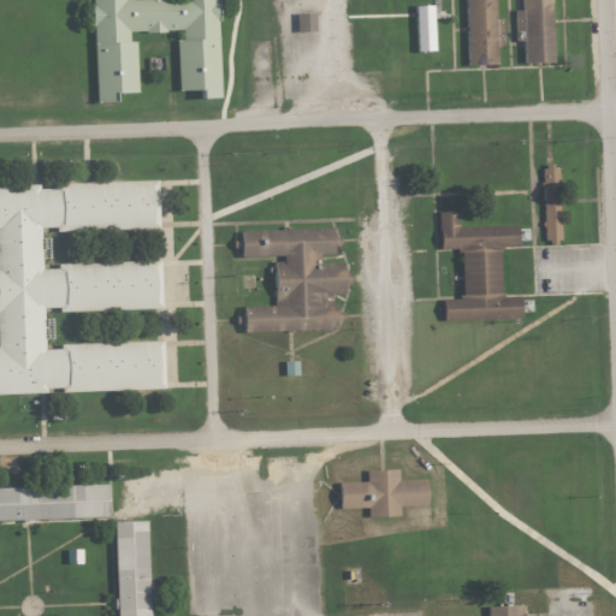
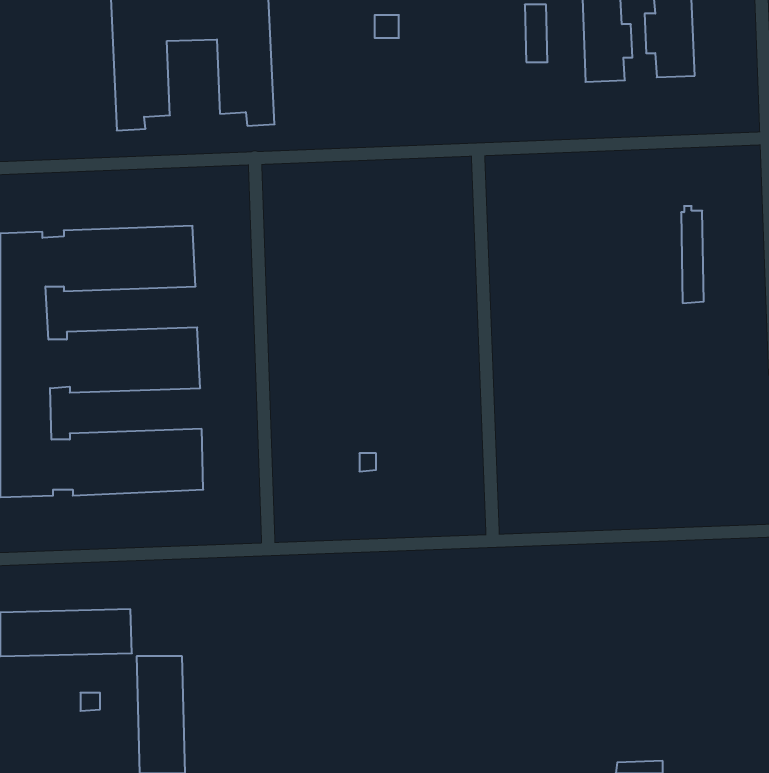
building: [440,211,523,321] -> none
building: [242,229,349,333] -> none
building: [340,469,430,517] -> none

